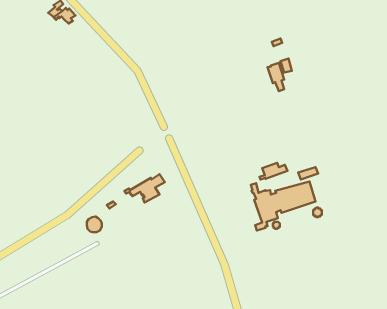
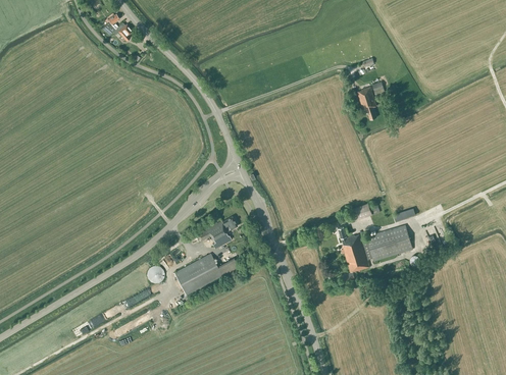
building: none -> [174,254,239,294]

